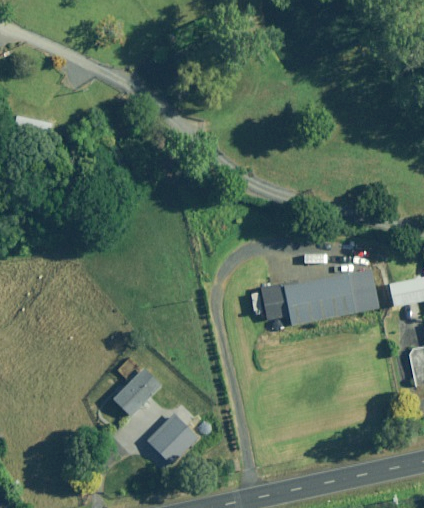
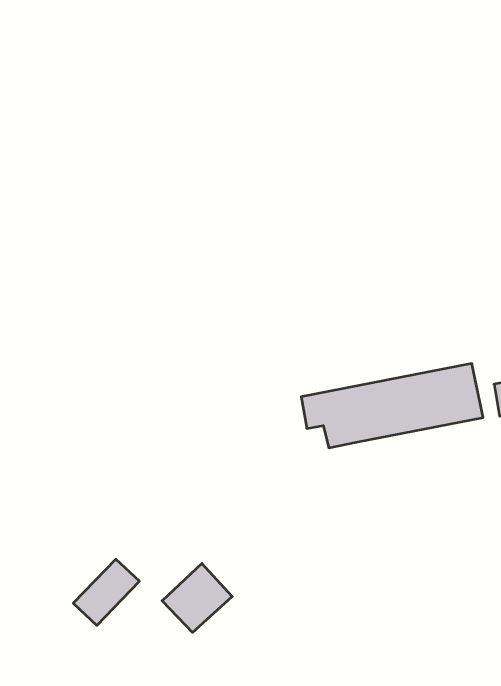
building: [113,367,161,415] -> [73,559,139,625]

